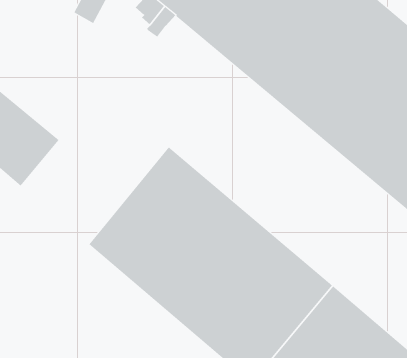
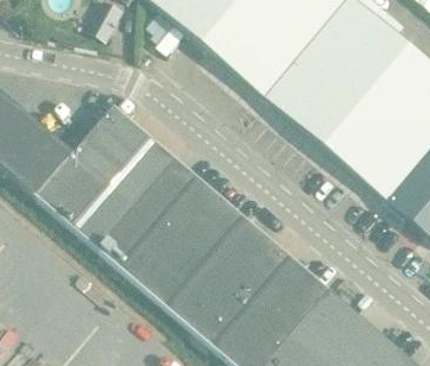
building: none -> [38,103,177,250]

